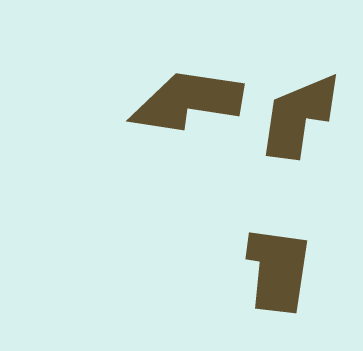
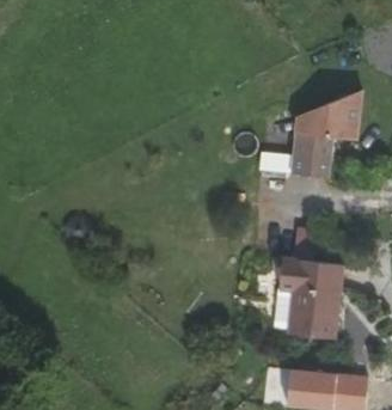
building: [124,72,246,131] -> none

